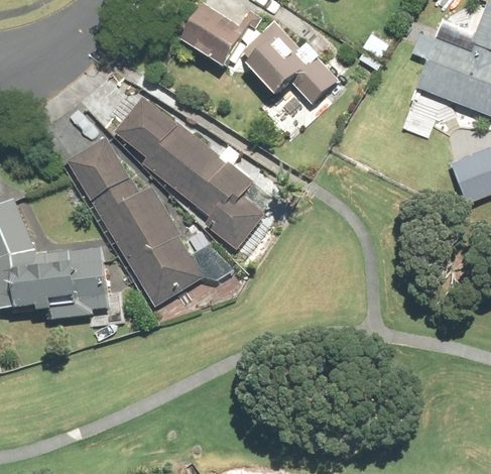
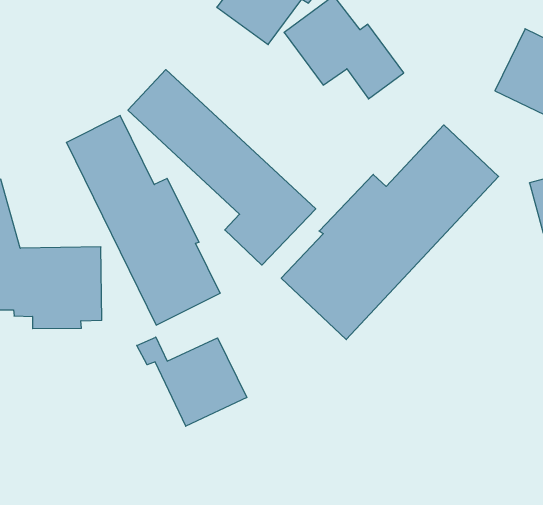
building: none -> [281,125,499,340]
building: none -> [137,337,247,426]

